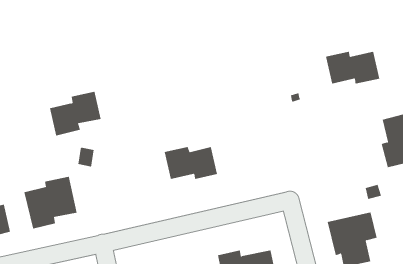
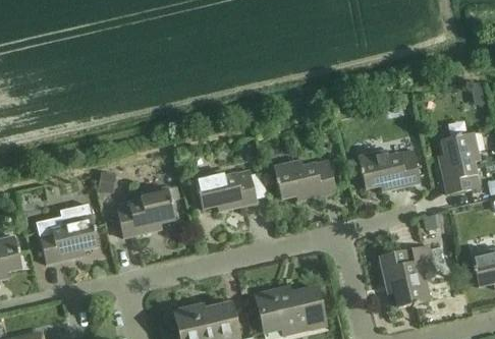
building: [325,51,380,84] -> [359,151,421,188]
building: [49,91,101,136] -> [116,186,175,237]
building: none -> [275,161,337,199]

